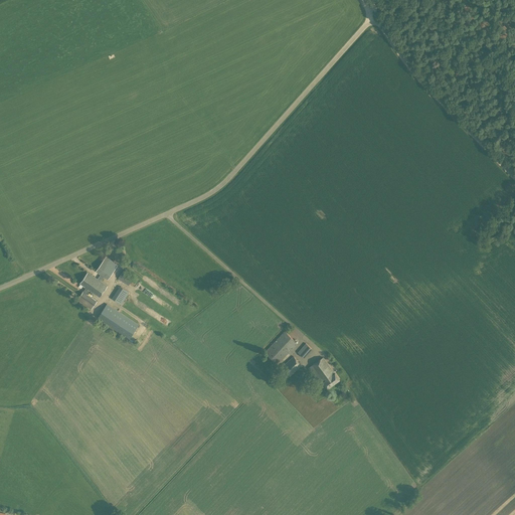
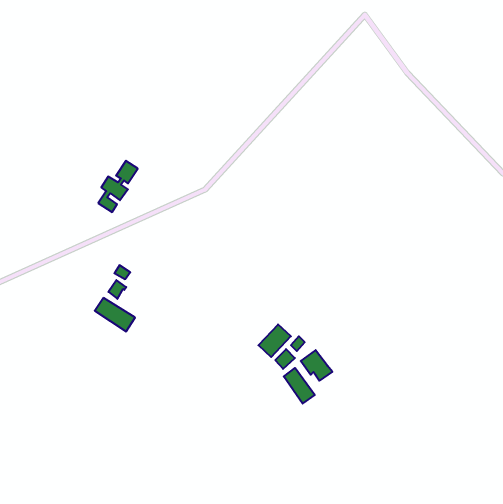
building: [76,256,117,309] -> [98,161,138,212]
building: none -> [284,368,315,404]

